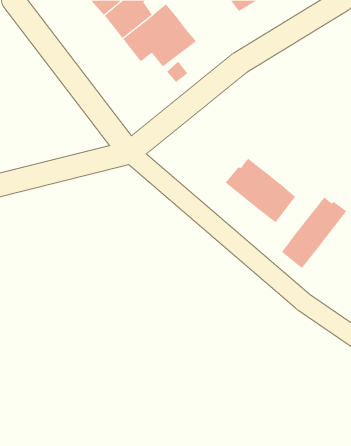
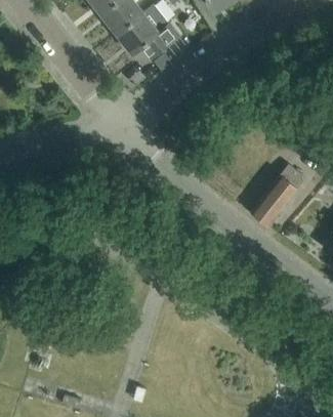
building: [225,158,296,223] -> none

